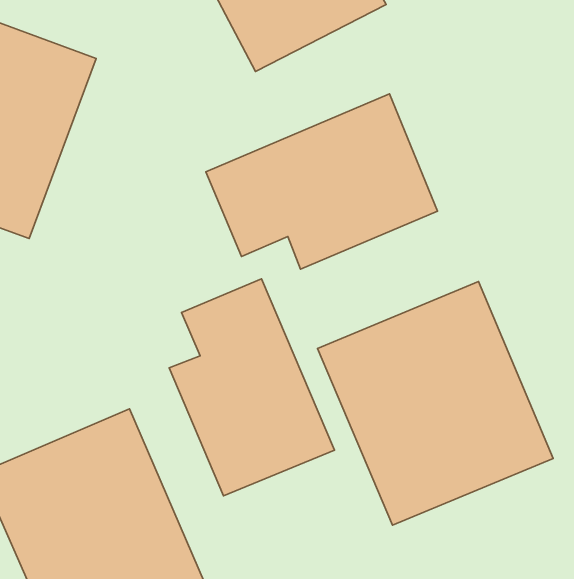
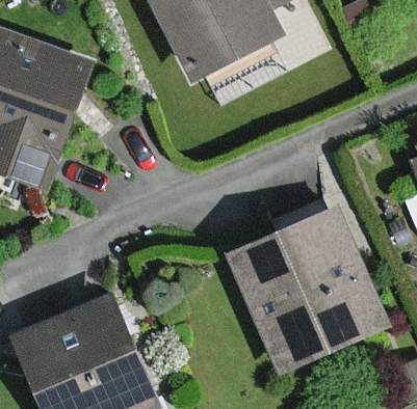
building: [206,94,438,269] -> none
building: [169,279,335,496] -> none

